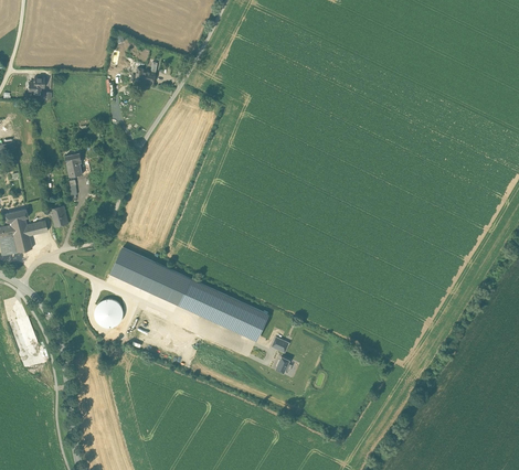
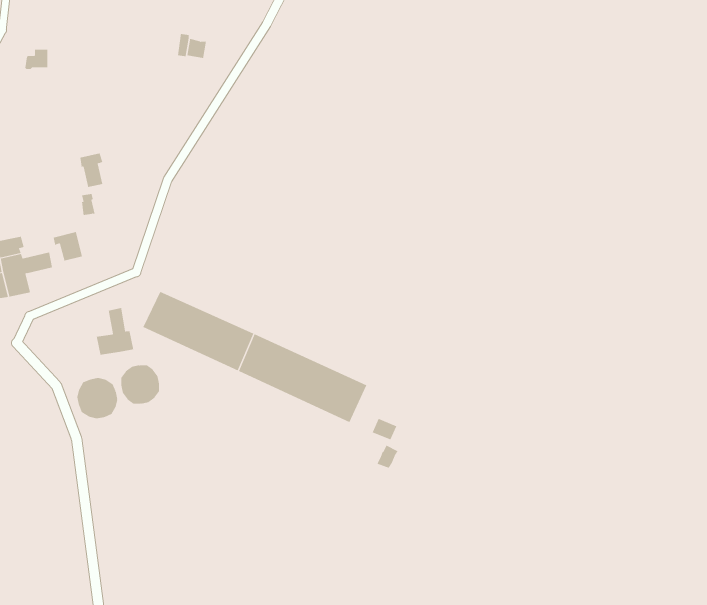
building: none -> [96,307,134,356]
building: none -> [77,377,118,419]

